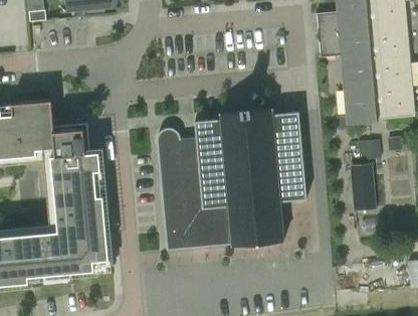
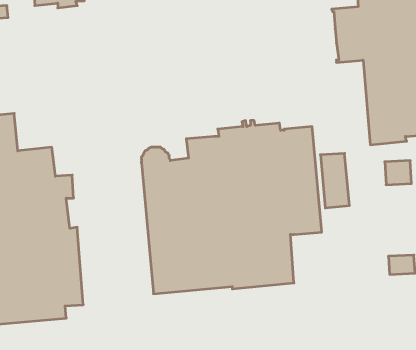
building: [352,165,376,210] -> [320,153,349,208]

